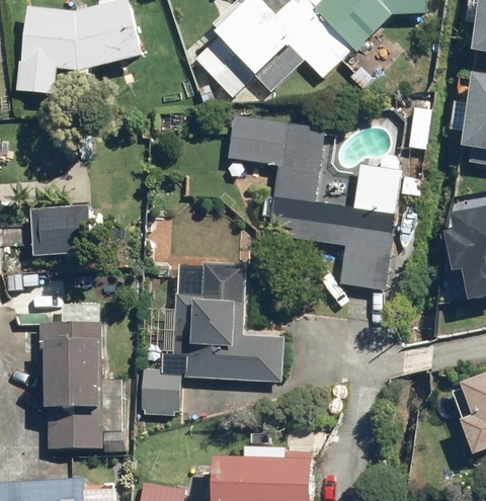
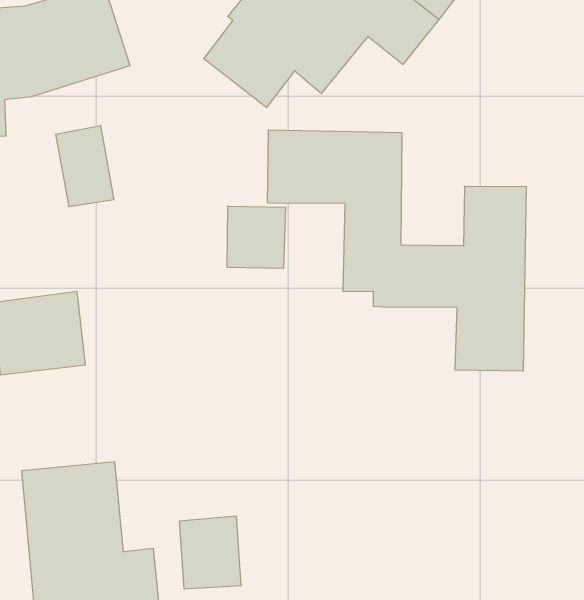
building: none -> [56,125,114,207]
building: none -> [227,206,286,268]
building: [170,259,282,383] -> none

